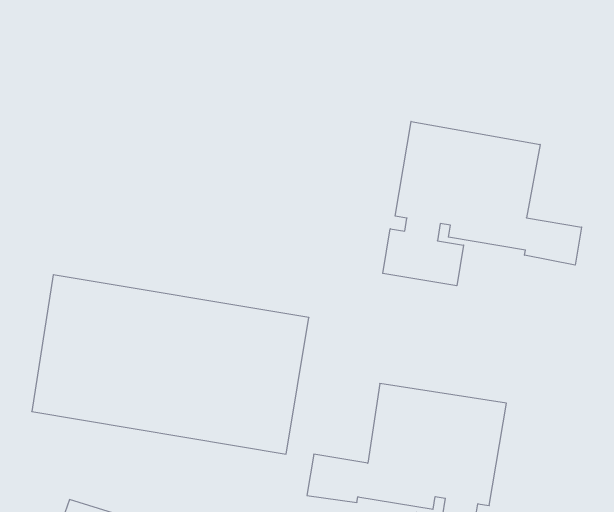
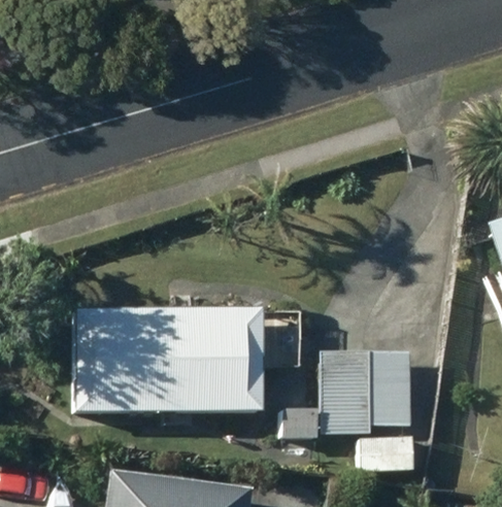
building: [383,121,582,286] -> none

